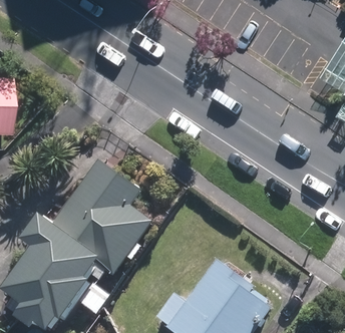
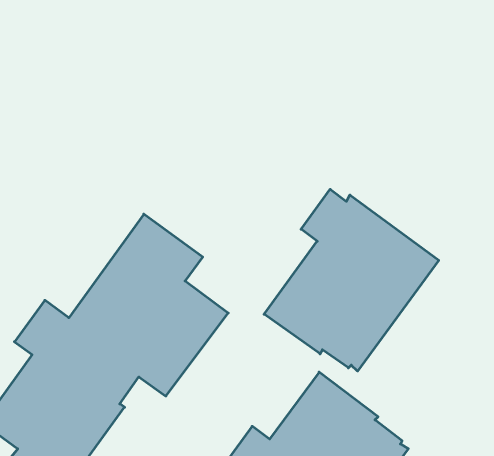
building: none -> [264,189,439,371]

